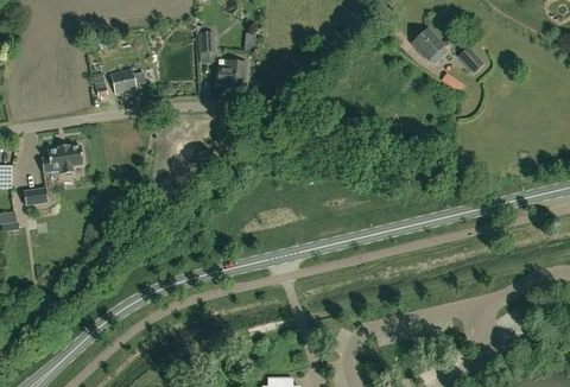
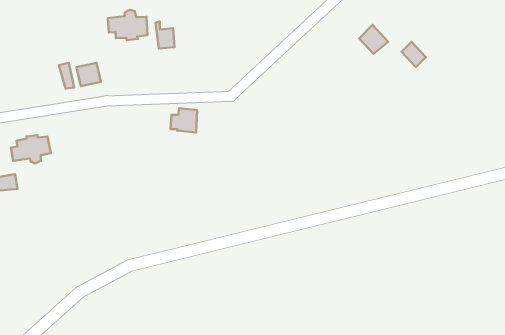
building: none -> [108,10,147,40]
building: [217,61,246,87] -> [170,108,197,133]

